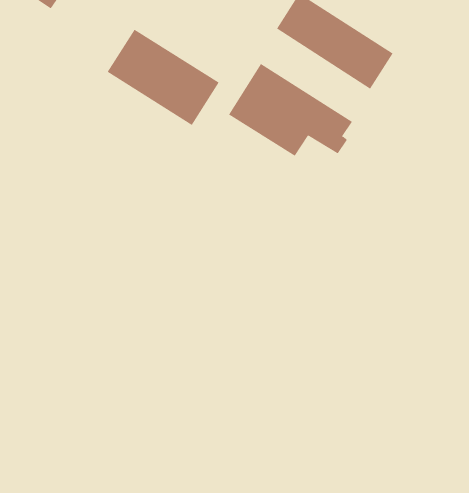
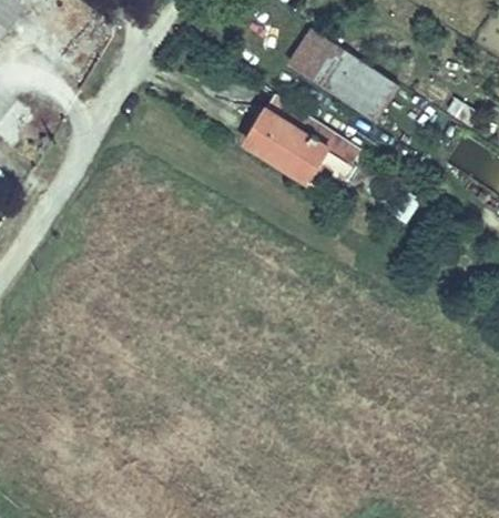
building: [107,29,220,126] -> none

